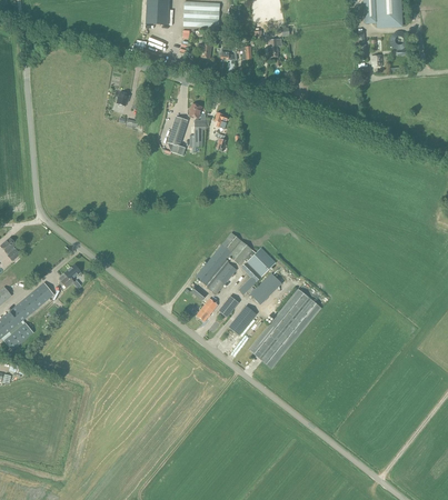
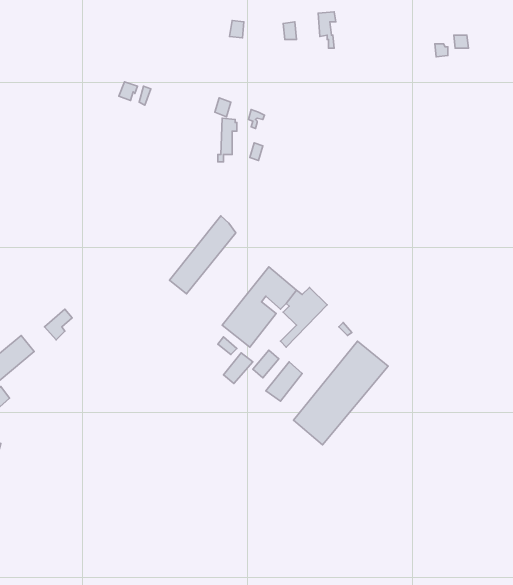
building: [168,116,188,154] -> none
building: none -> [169,216,236,294]
building: [250,271,283,303] -> none

